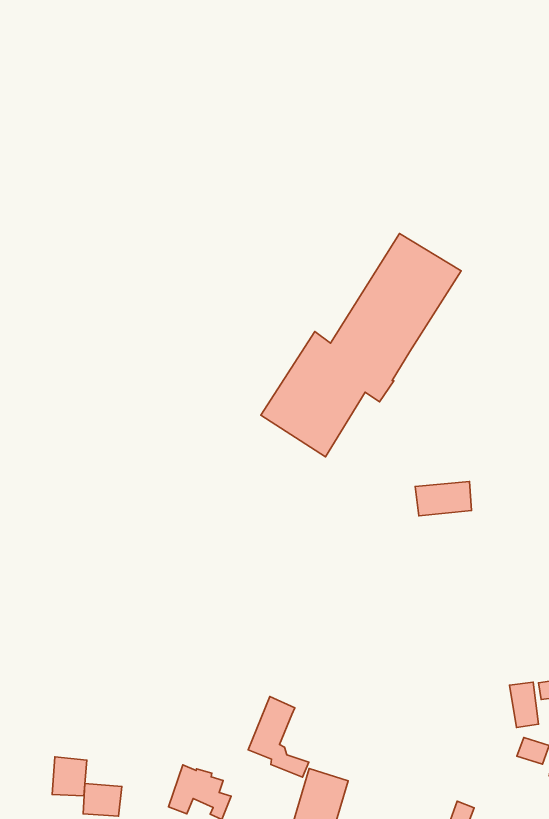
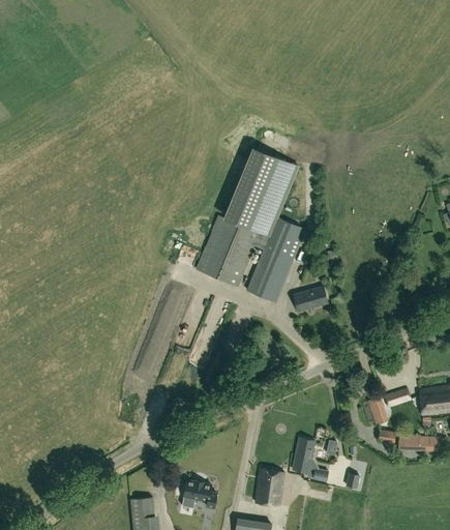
building: none -> [246,217,304,302]
building: [248,696,309,777] -> [292,437,328,480]
building: [52,757,87,796] -> none

